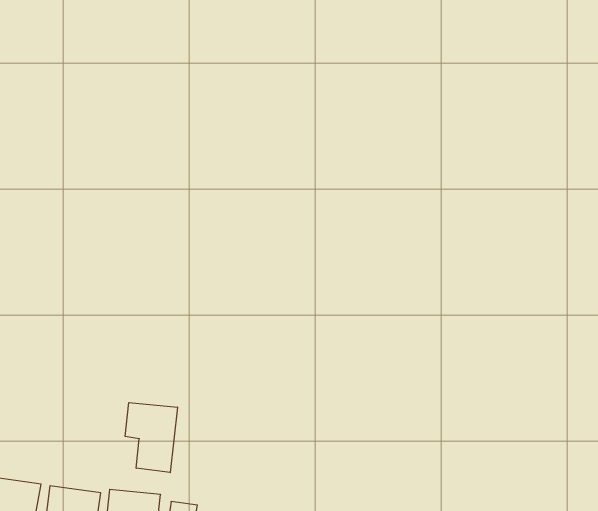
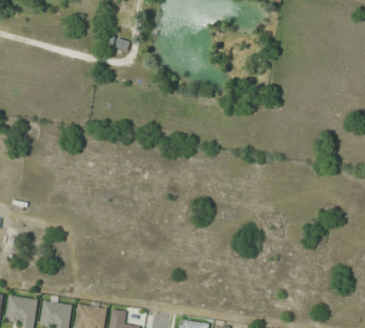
building: [125,403,177,473] -> none

